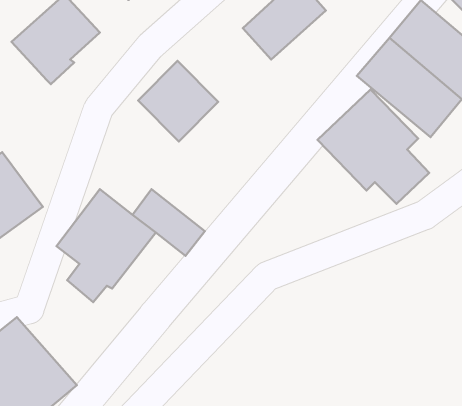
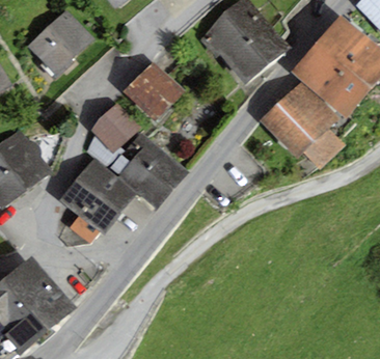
building: none -> [224,22,290,85]
building: none -> [88,103,140,155]
building: none -> [133,140,188,190]

